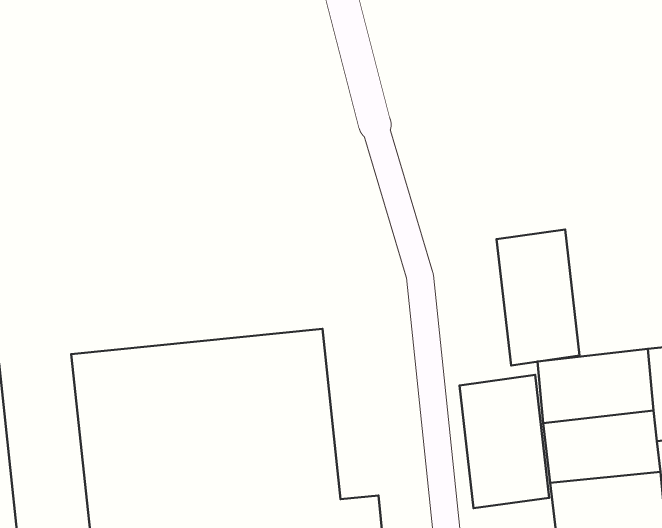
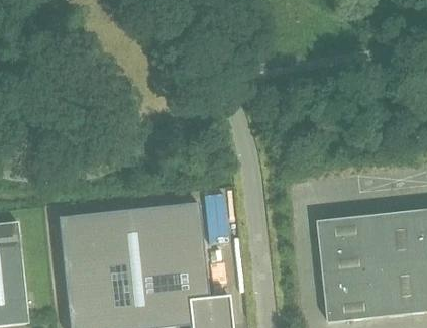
building: [497,229,580,365] -> none
building: [460,375,549,508] -> none

